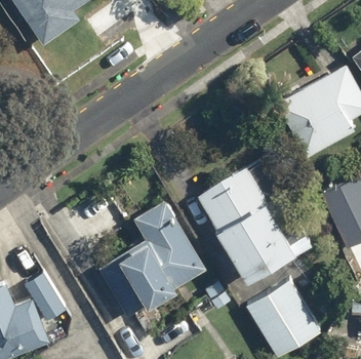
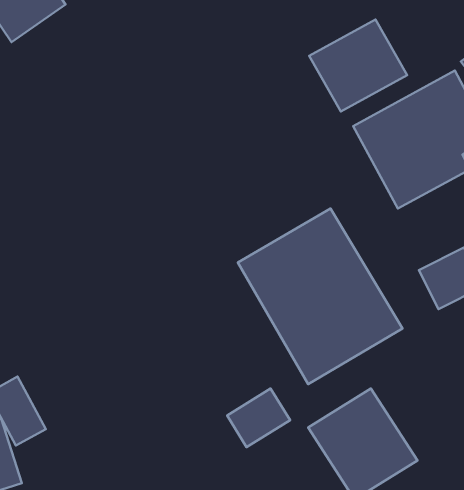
building: none -> [309,20,407,111]
building: [104,202,205,314] -> none

